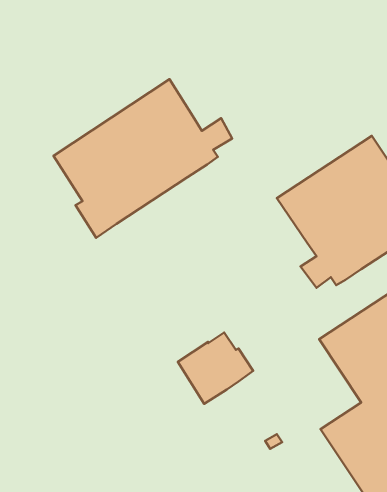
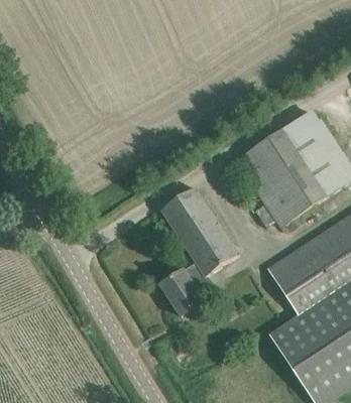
building: [54,79,232,238] -> none
building: none -> [161,186,239,275]

